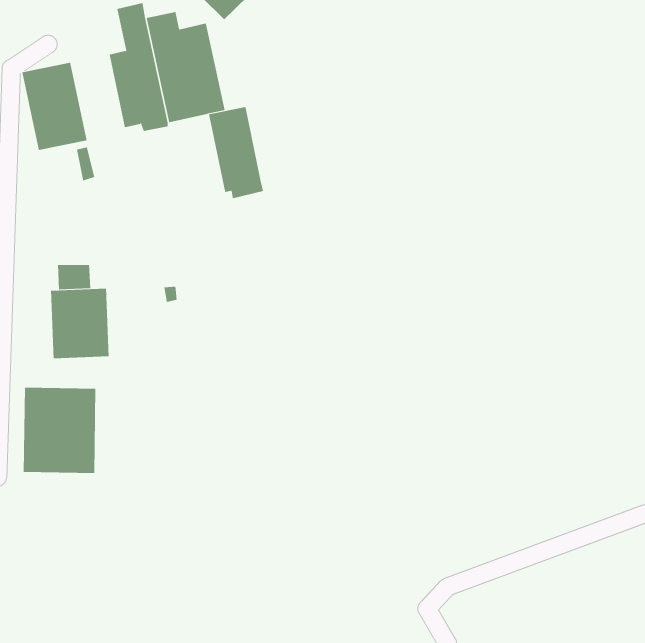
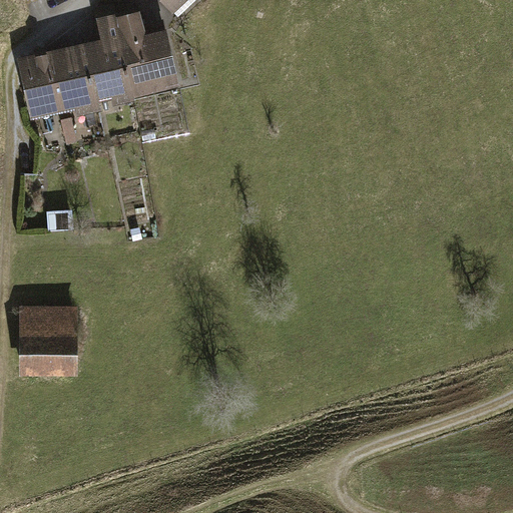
building: [208,106,264,199] -> [56,43,100,116]
building: [51,288,109,359] -> none

